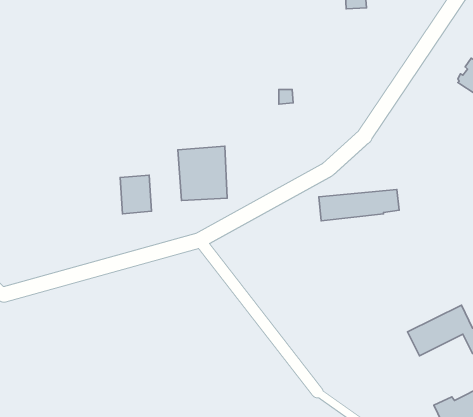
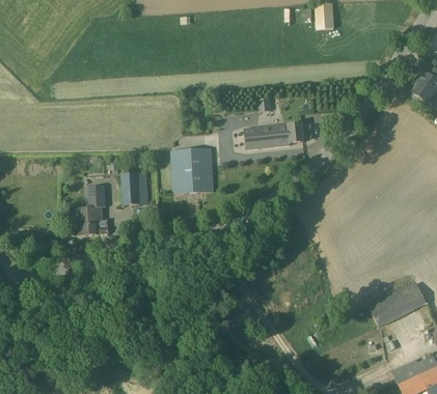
building: [319,190,399,221] -> [234,123,303,150]
building: none -> [72,186,108,235]

